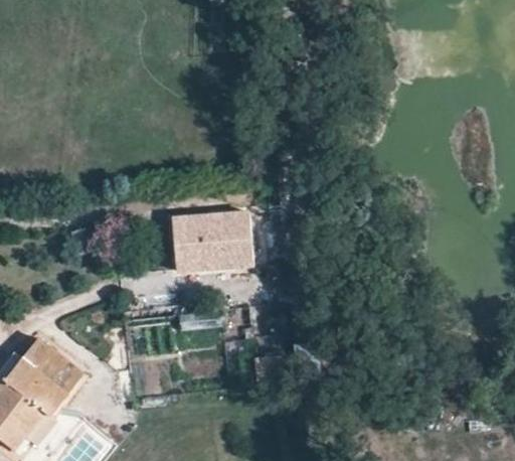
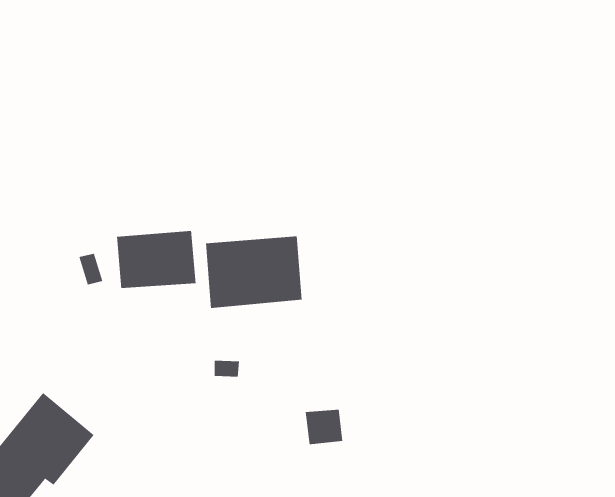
building: none -> [116,230,196,289]

